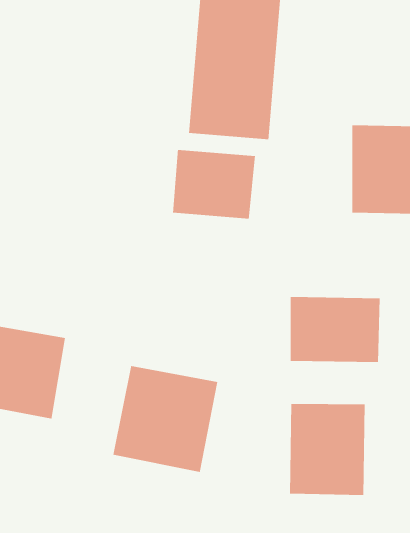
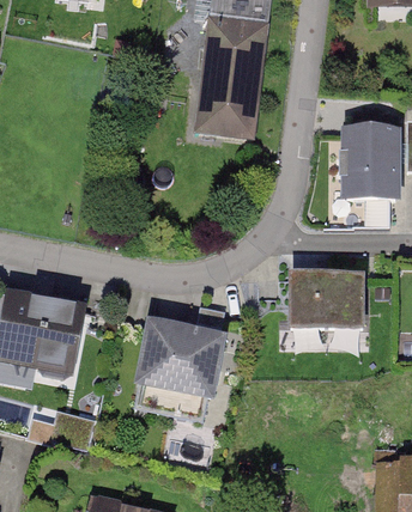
building: [173,149,255,220] -> none
building: [290,403,365,496] -> none

